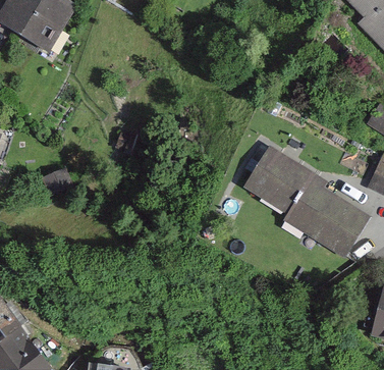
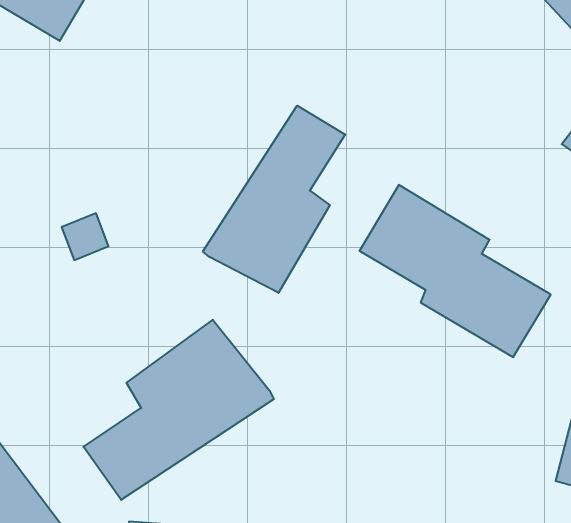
building: none -> [203,106,345,293]
building: none -> [83,320,274,500]

